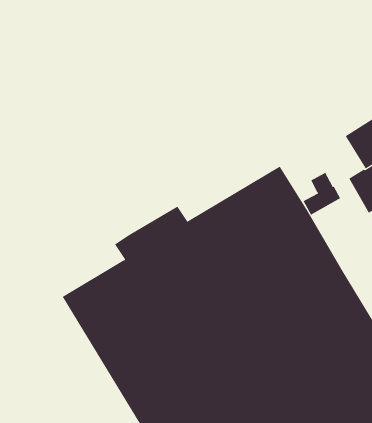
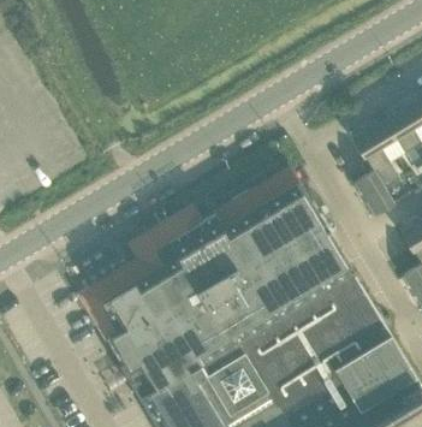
building: [303,172,341,216] -> none

